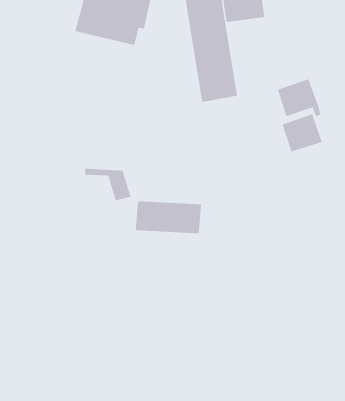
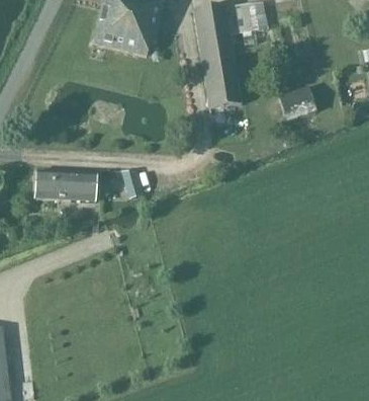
building: [282,113,323,152] -> none
building: [135,201,202,234] -> [35,170,97,200]

